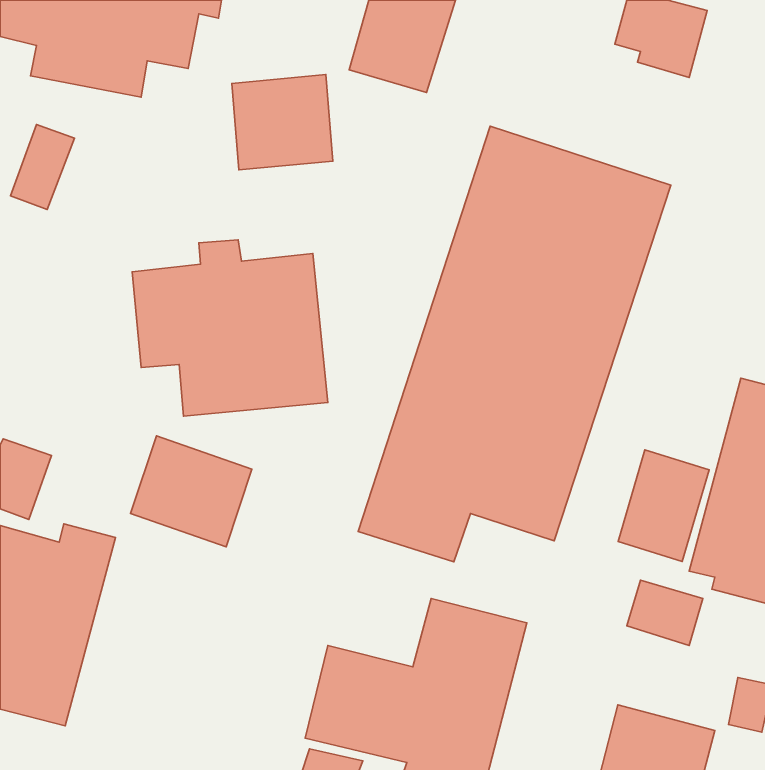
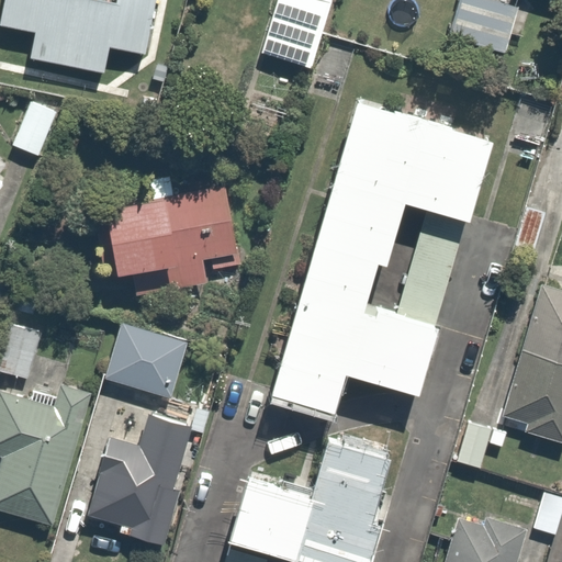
building: [232,75,333,170] -> none
building: [618,450,709,561] -> none
building: none -> [87,414,190,542]

